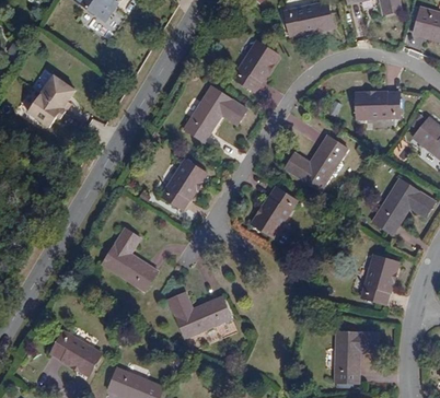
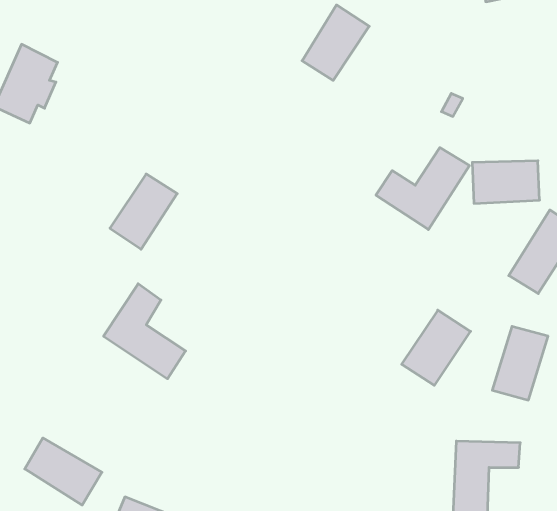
building: [184,86,247,141] -> none
building: [354,92,398,120] -> [472,161,540,203]
building: [162,160,207,210] -> [110,174,177,249]
building: [251,188,297,238] -> [402,310,471,385]
building: [167,293,231,339] -> none

